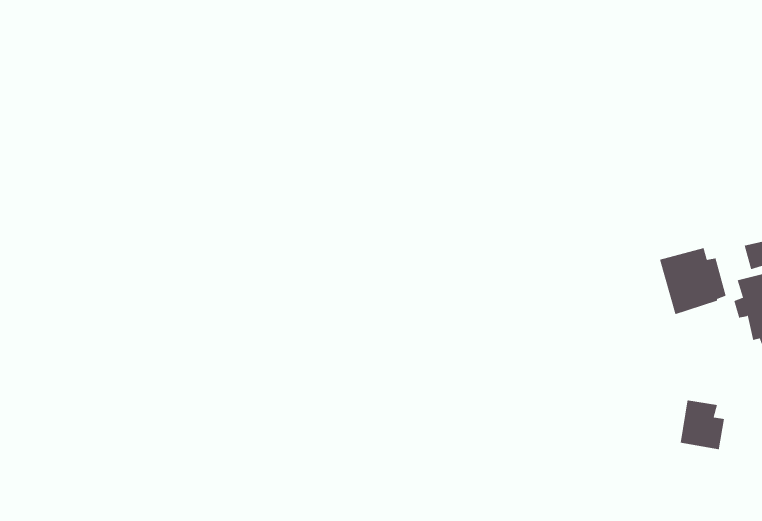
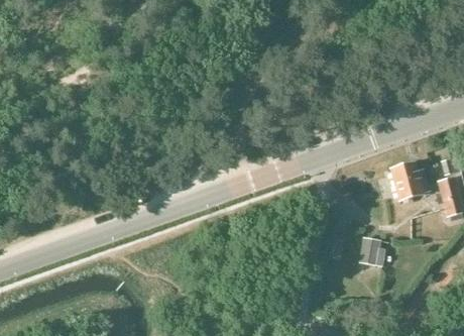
building: [680,400,725,450] -> [359,236,385,265]

